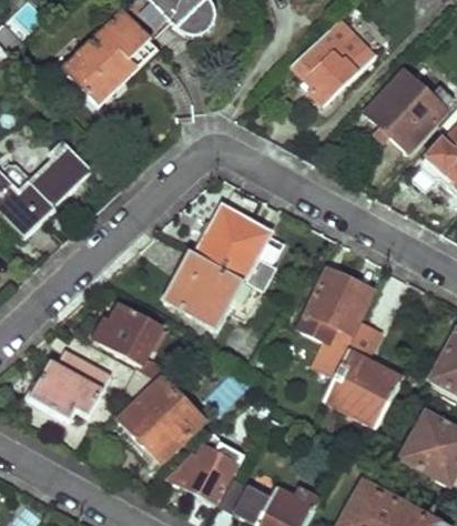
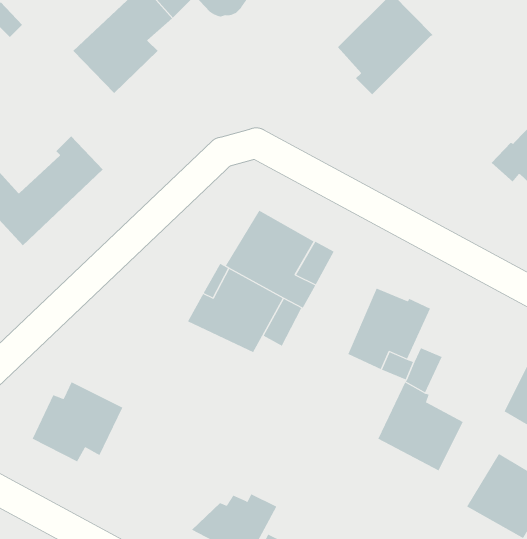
building: [365,71,445,151] -> none
building: [97,302,163,377] -> none
building: [115,380,199,462] -> none

